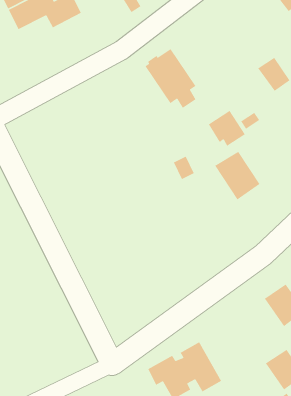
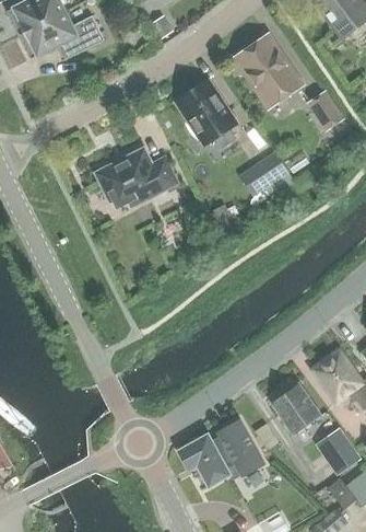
building: none -> [236,34,300,105]
building: none -> [94,146,178,207]
building: [214,151,261,201] -> none
building: none -> [271,382,321,433]

